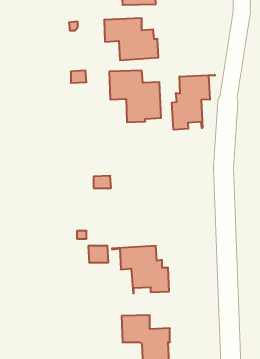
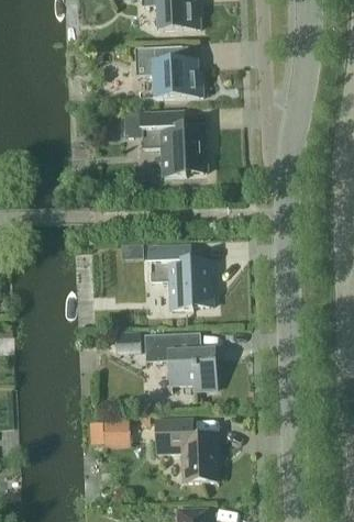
building: [172,75,215,130] -> none
building: none -> [151,245,213,310]
building: none -> [92,420,134,447]

